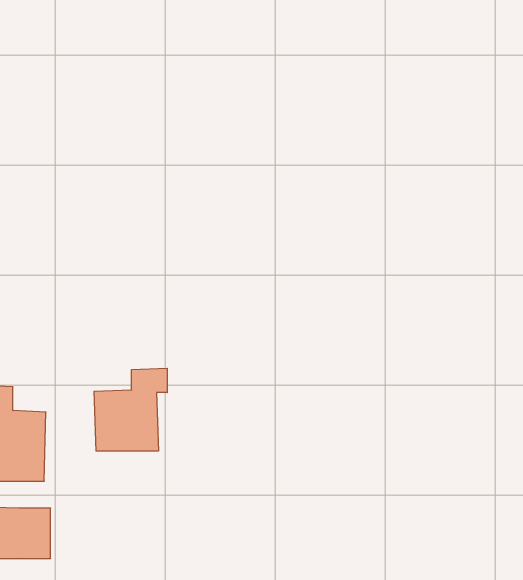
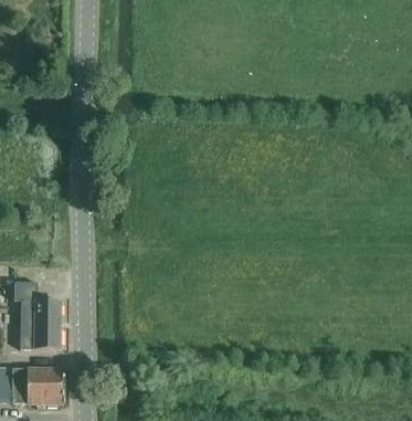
building: [94,368,167,451] -> none

